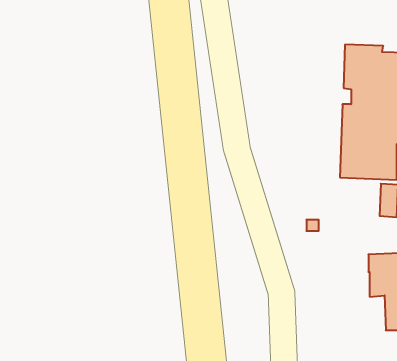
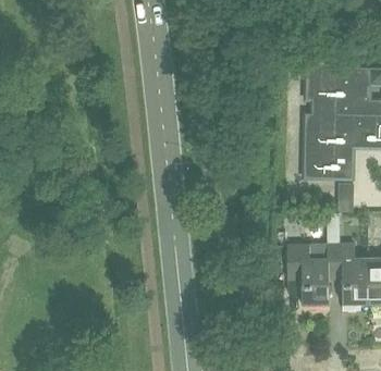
building: none -> [287,244,330,305]

